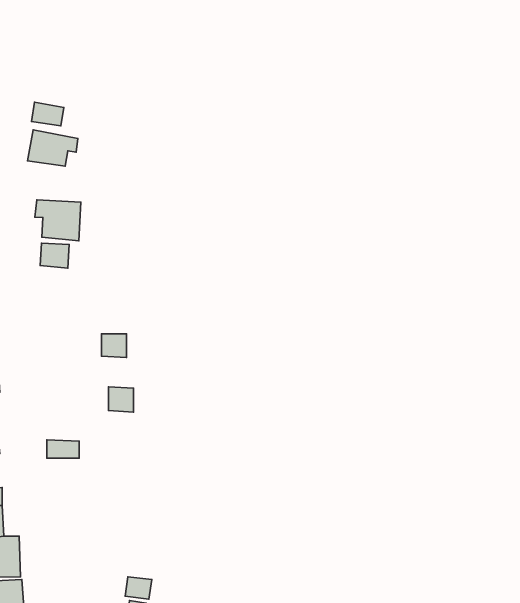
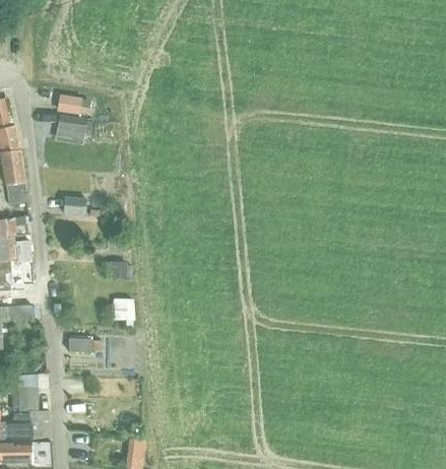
building: [35,200,81,241] -> none

